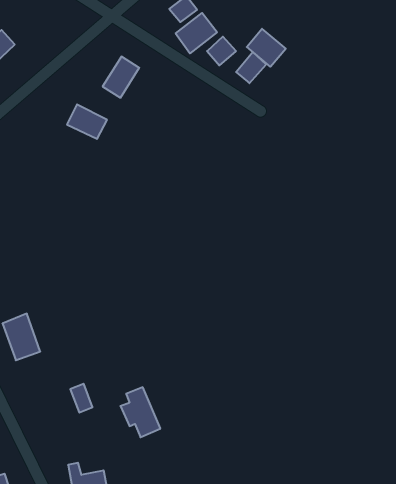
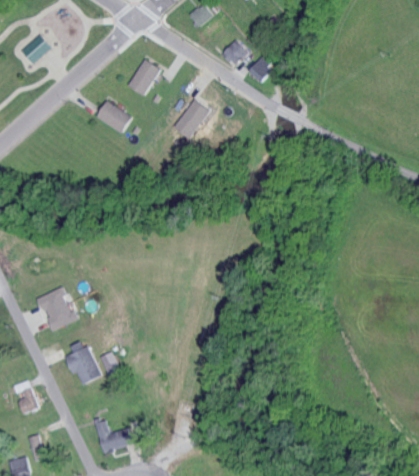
building: [176,13,217,53] -> none
building: [247,29,286,67] -> none
building: none -> [174,98,210,139]
building: [120,387,160,437] -> [64,340,100,385]

